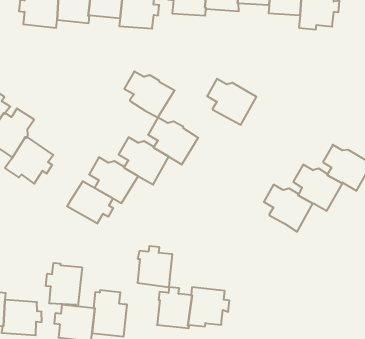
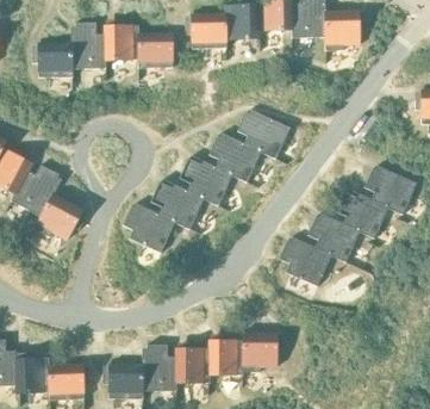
building: [124,71,175,117] -> [208,136,261,181]
building: [67,181,113,224] -> none
building: none -> [279,240,331,286]
building: [137,246,172,287] -> [174,342,210,383]
building: [46,263,82,306] -> none

